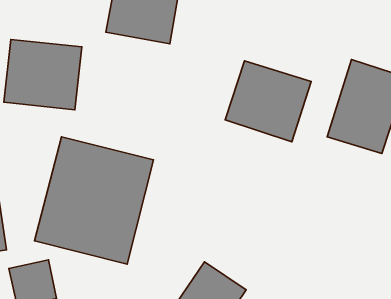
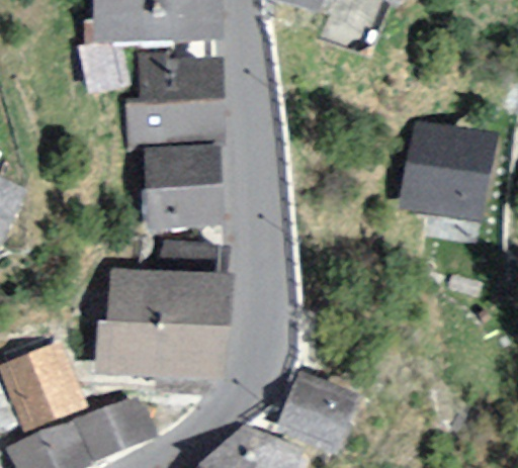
building: [4,39,82,110] -> [137,145,221,220]
building: [225,61,311,142] -> none

